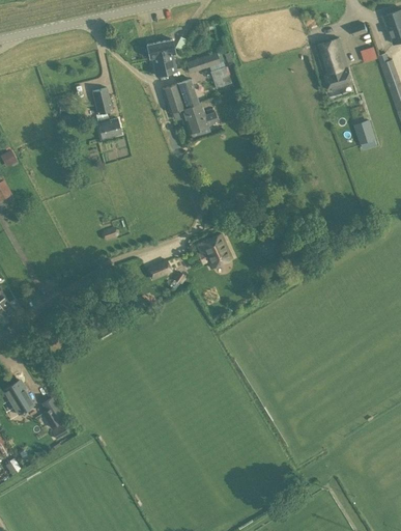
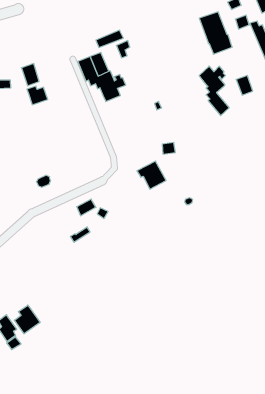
building: [146,38,176,75] -> none
building: none -> [199,66,229,116]
building: [197,233,232,268] -> [137,161,166,189]
building: none -> [14,305,40,334]

